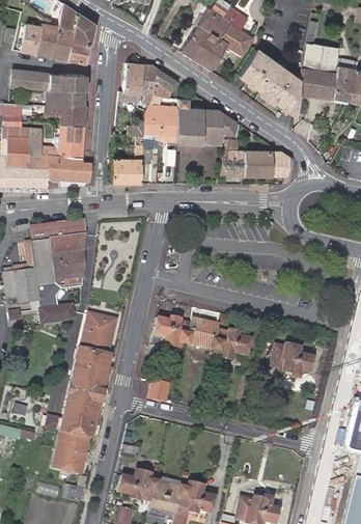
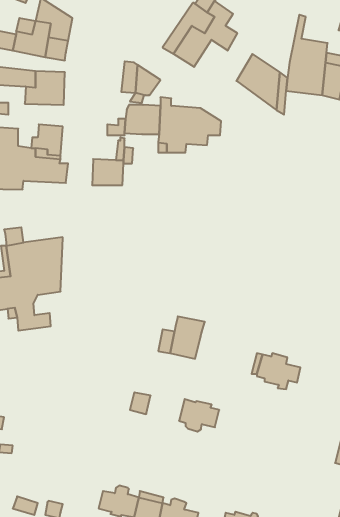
building: [239,48,267,83] -> none
building: [118,62,144,102] -> none
building: [47,105,86,127] -> none
building: [221,139,291,175] -> none
building: [46,220,85,238] -> none
building: [47,311,118,473] -> none
building: [152,316,180,346] -> none
building: [212,328,250,359] -> [179,399,219,432]

